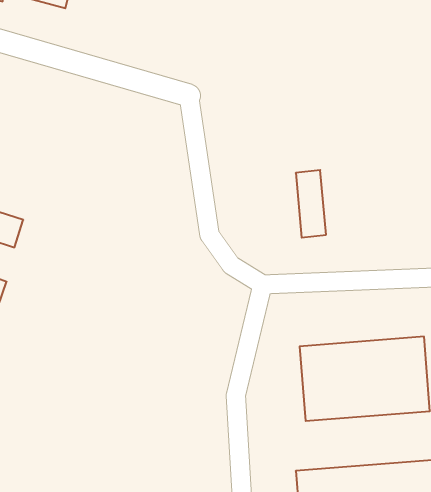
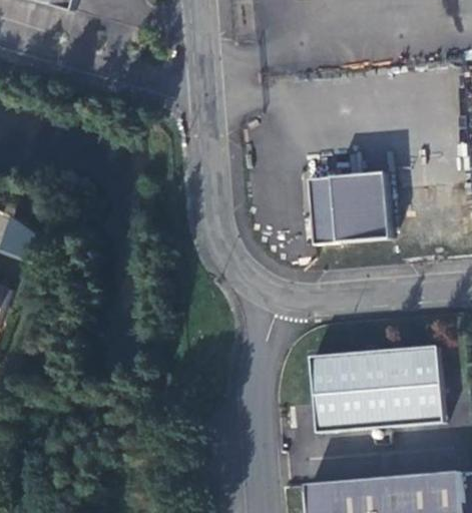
building: none -> [331,171,390,241]

